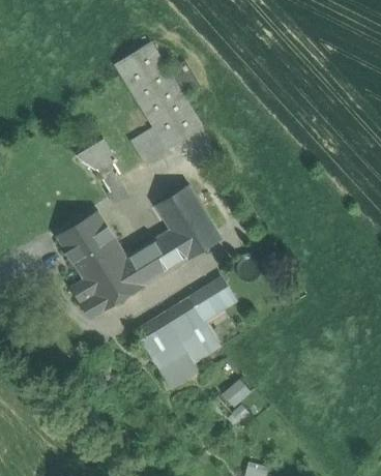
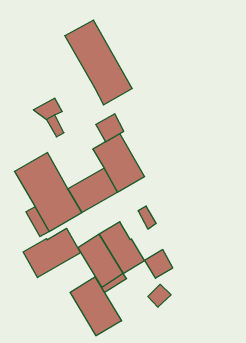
building: [131,129,167,165] -> [96,114,124,142]
building: [187,285,223,321] -> [145,250,173,278]
building: none -> [23,228,81,278]
building: none -> [70,277,122,336]

